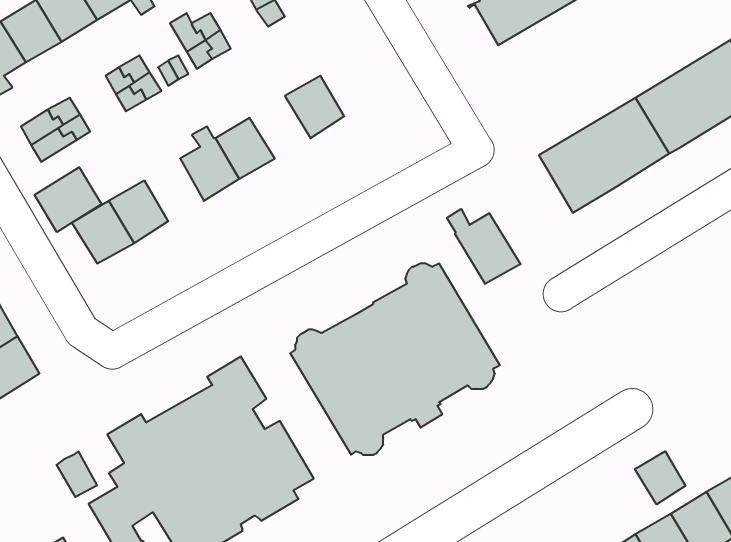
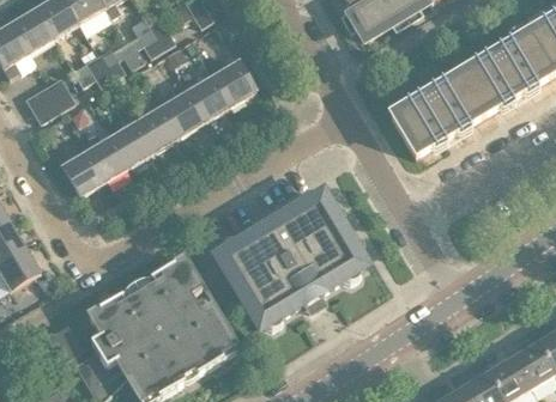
building: none -> [188,75,231,120]
building: none -> [114,120,156,164]
building: [35,167,101,232] -> none
building: [447,209,521,284] -> none
building: [635,451,685,504] -> none

